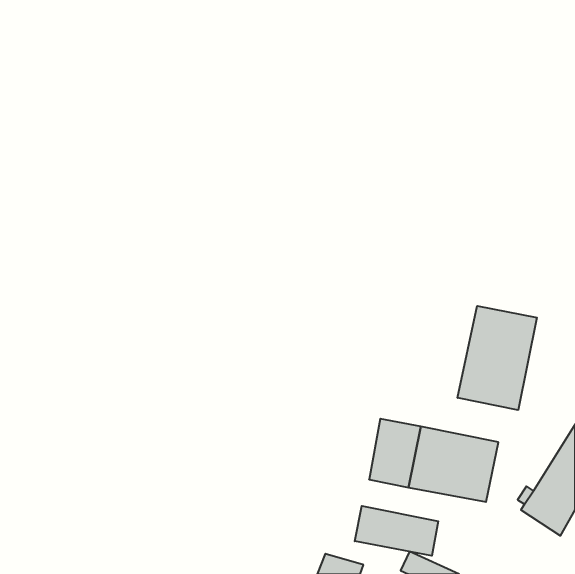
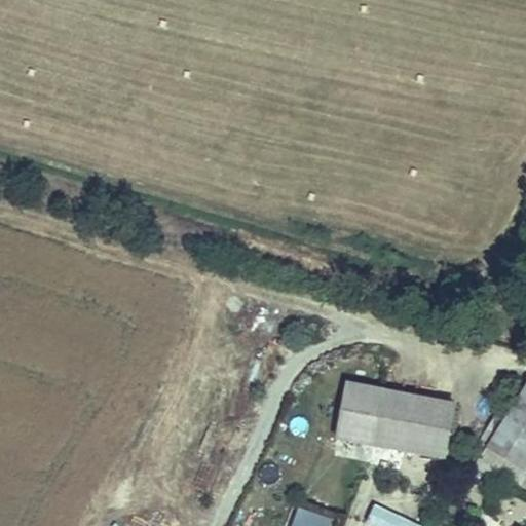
building: [458,306,537,410] -> none
building: [355,506,438,556] -> none

